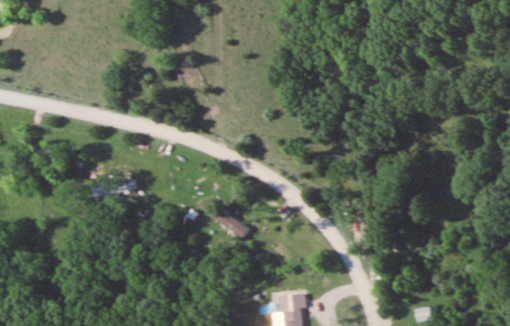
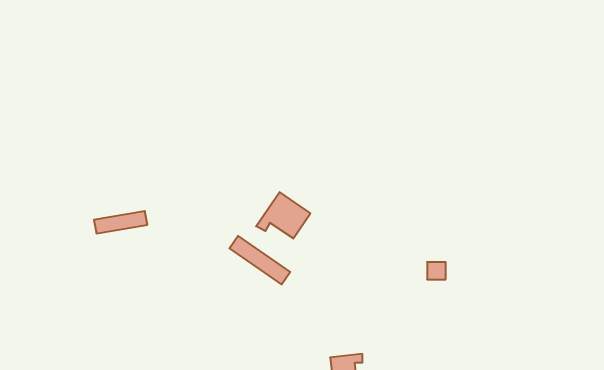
building: none -> [256,192,310,239]

